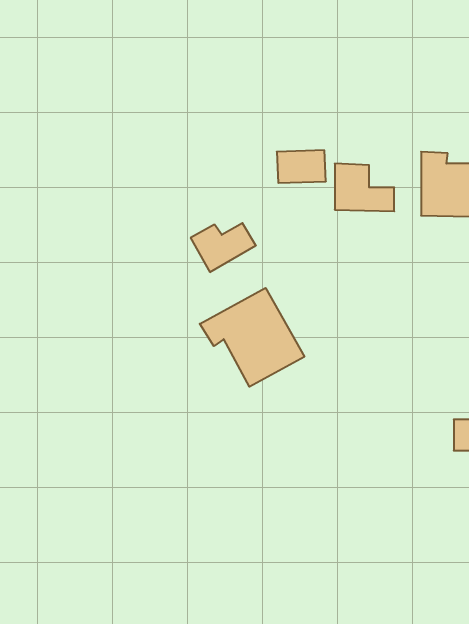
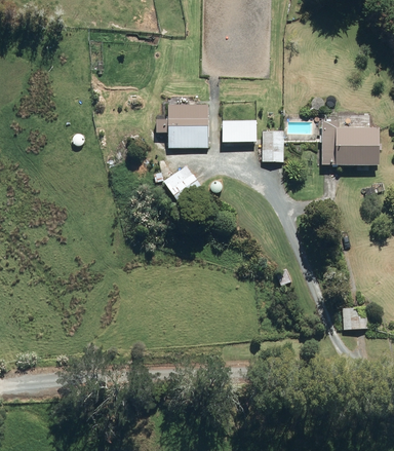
building: none -> [156,103,208,147]
building: [200,288,304,387] -> none

